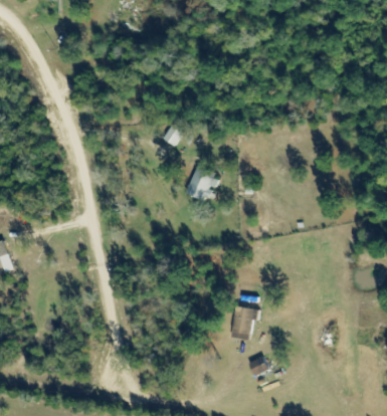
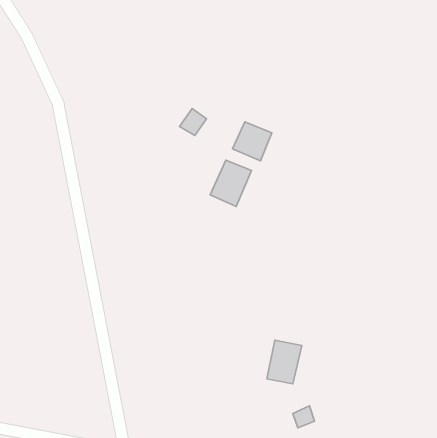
building: none -> [233,122,272,161]

